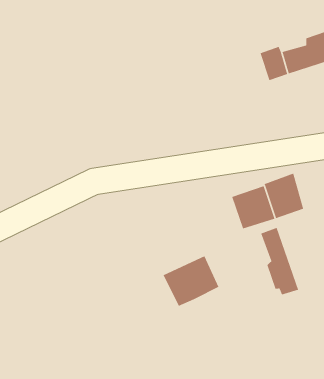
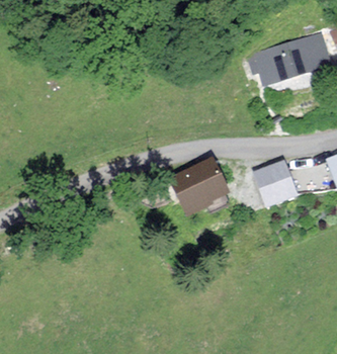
building: [260,227,299,295] -> none
building: [162,255,220,307] -> [176,161,227,206]

